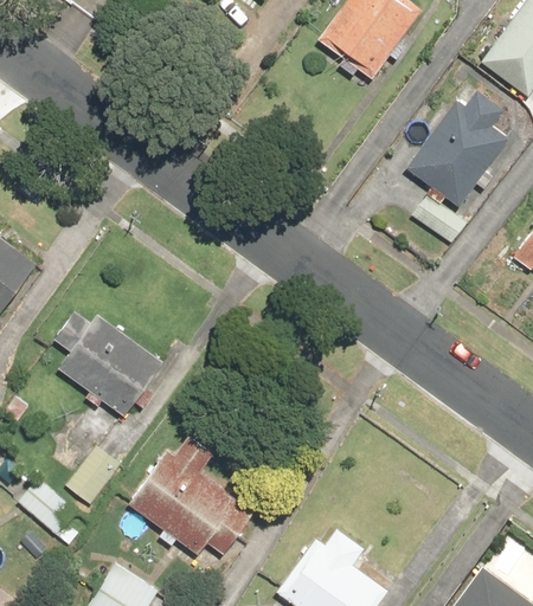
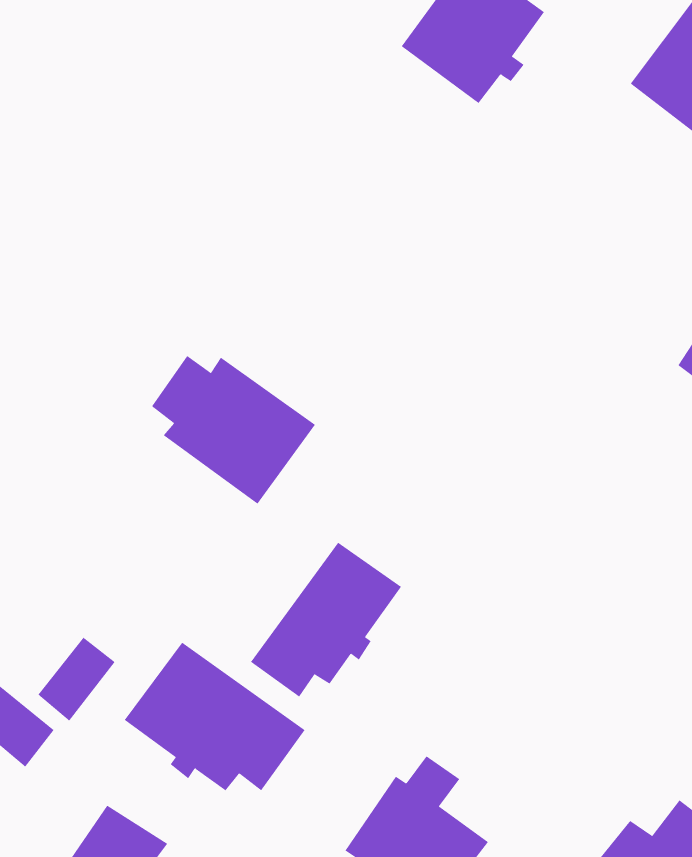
building: [409,97,507,244] -> none
building: [49,312,163,417] -> [151,355,316,505]
building: none -> [250,542,402,698]

